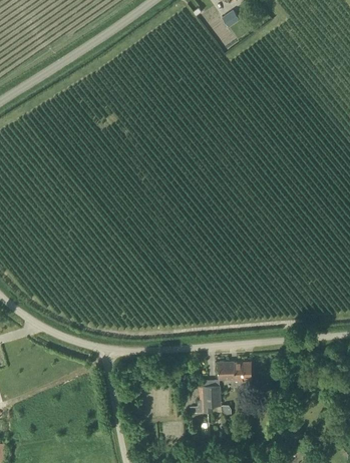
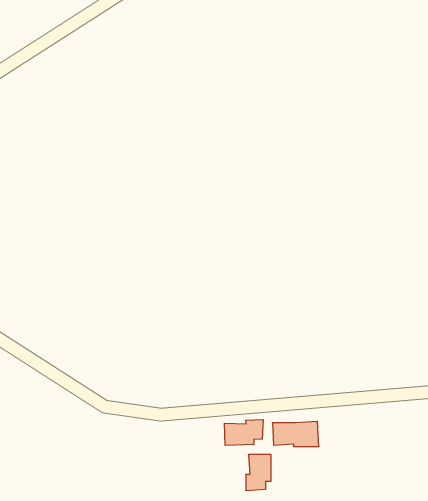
building: none -> [224,420,263,445]

